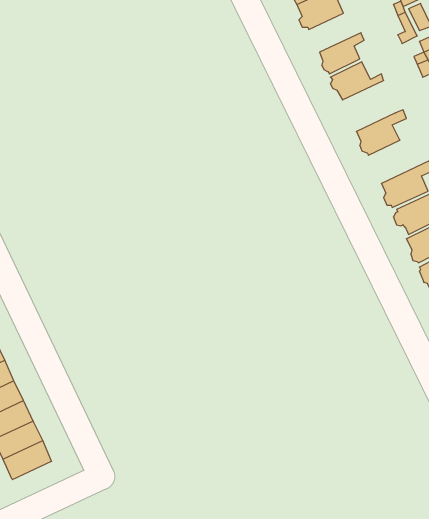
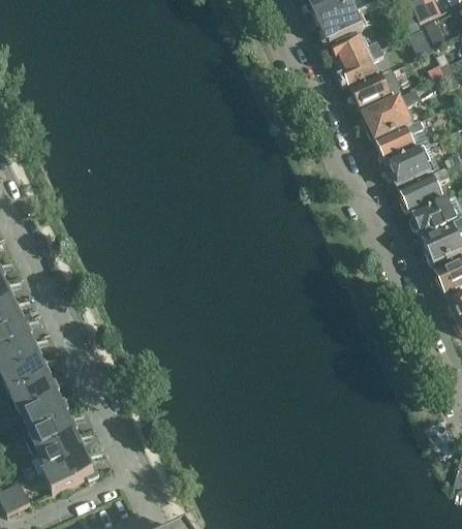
building: none -> [330,31,379,63]
building: none -> [363,88,420,138]
building: none -> [386,142,435,185]
building: none -> [42,453,94,493]

